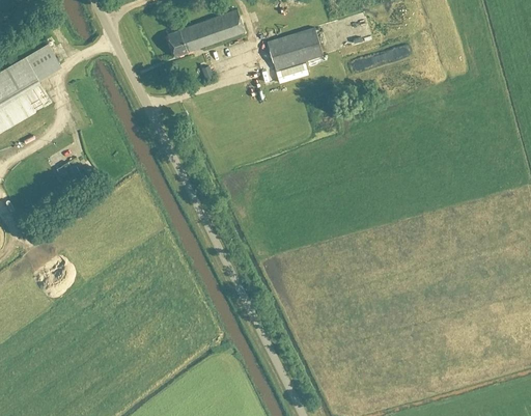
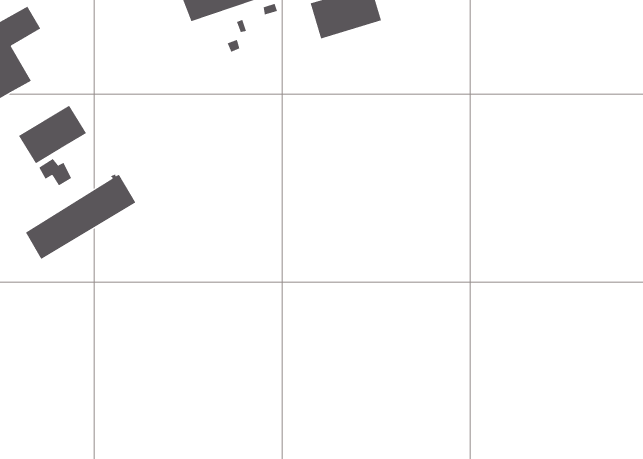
building: none -> [18,105,87,164]
building: none -> [25,174,136,260]

